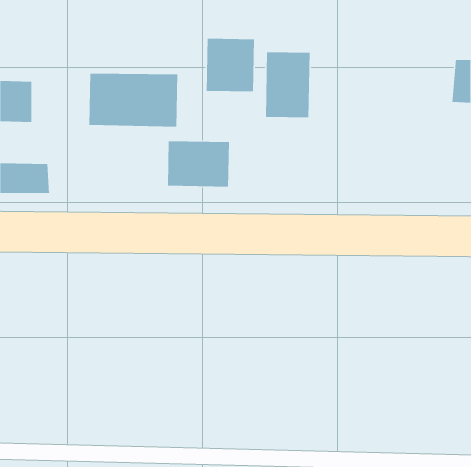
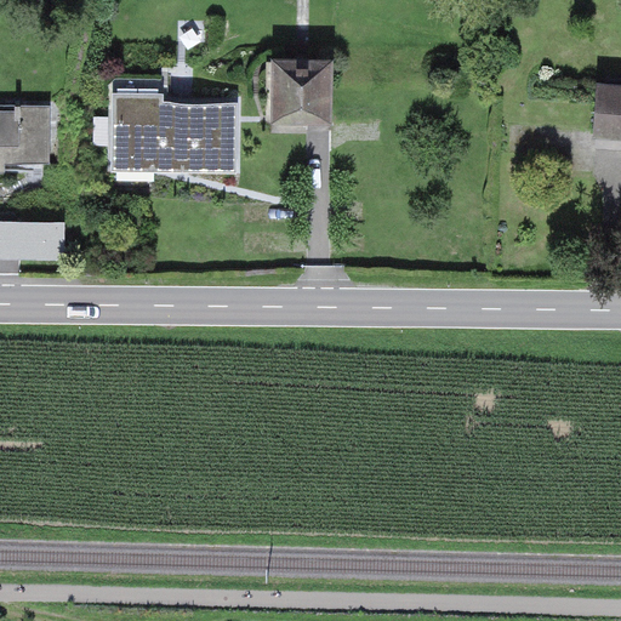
building: [265,51,310,118] -> none
building: [167,140,230,187] -> none

